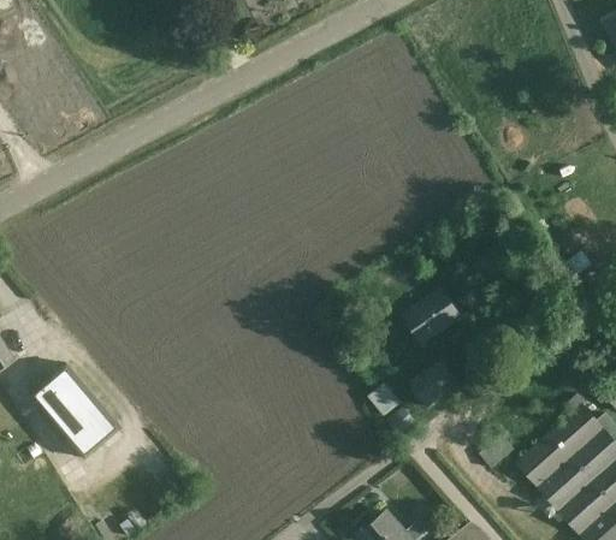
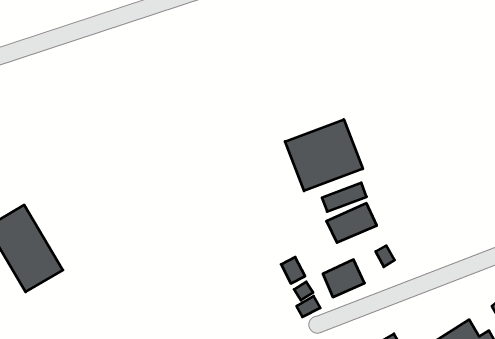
building: none -> [285,119,363,191]

